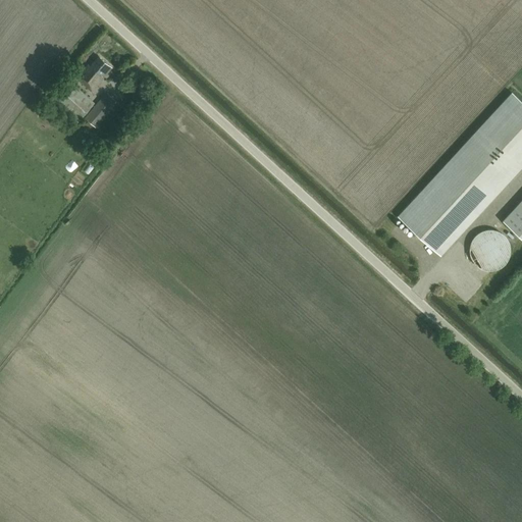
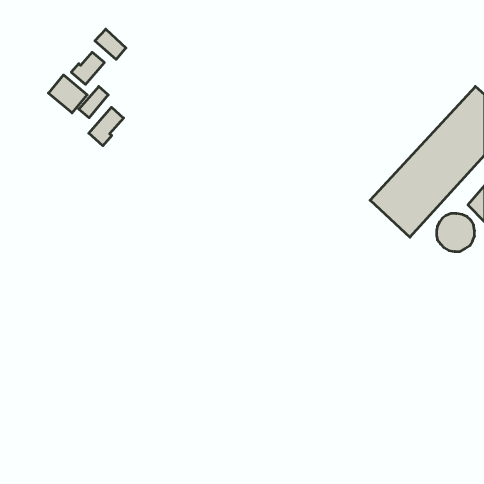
building: none -> [95,29,126,59]
building: none -> [89,107,124,146]

